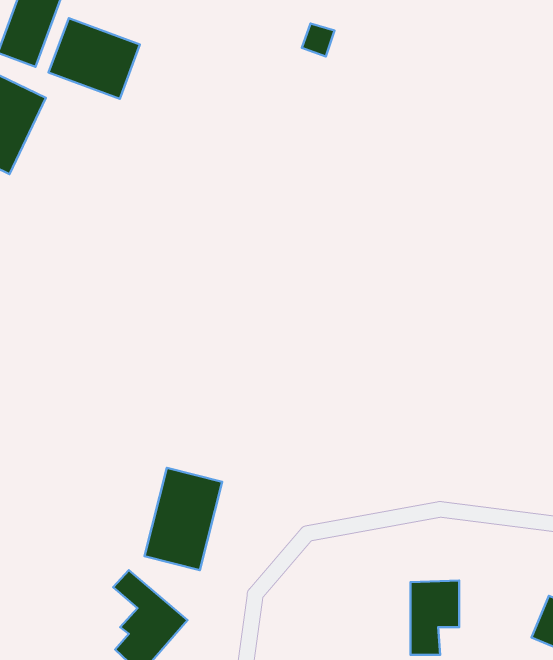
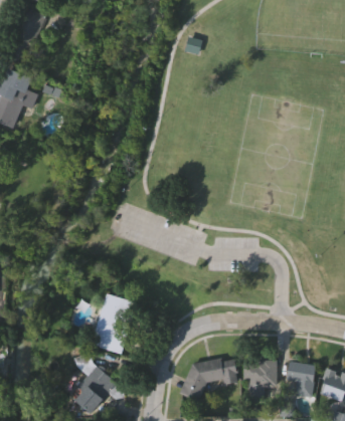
building: [48,18,140,99] -> none
building: none -> [185,359,236,397]
building: none -> [284,361,316,397]

